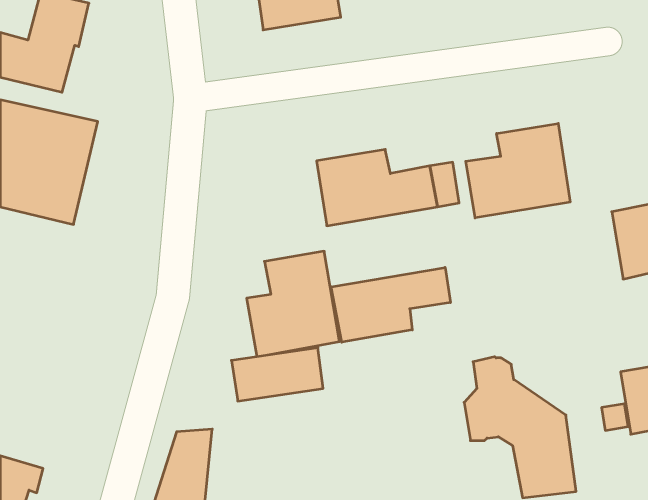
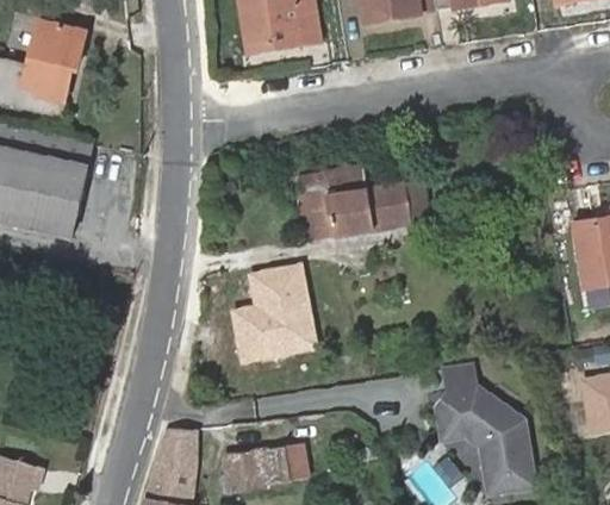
building: [466,123,570,218] -> none
building: [331,267,450,342] -> none
building: [231,348,323,401] -> [224,441,310,491]

